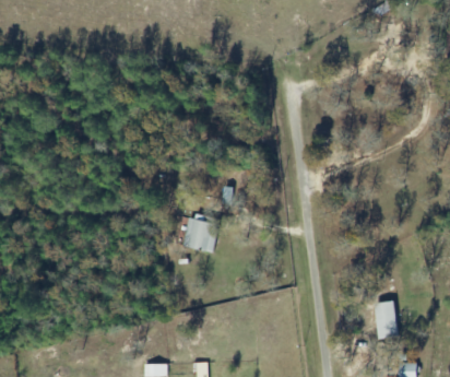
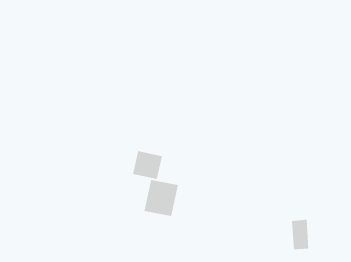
building: none -> [144,179,178,217]

